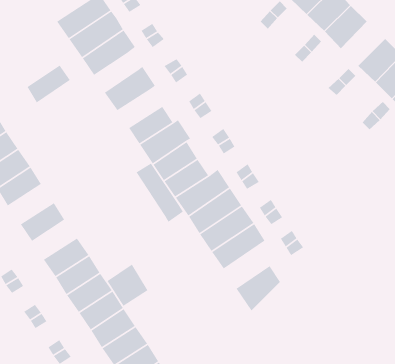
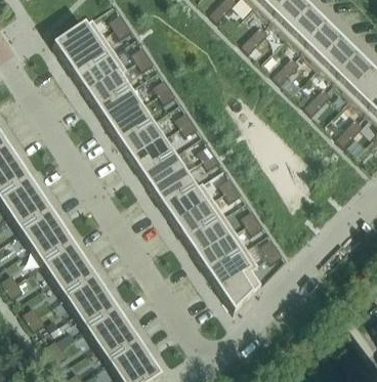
building: none -> [318,40,359,81]
building: [27,65,71,103] -> [89,70,130,105]
building: none -> [111,102,153,138]
building: [135,162,184,223] -> none
building: none -> [9,190,52,227]
building: none -> [32,223,74,260]
building: none -> [209,243,260,287]
building: [106,263,148,307] -> none

